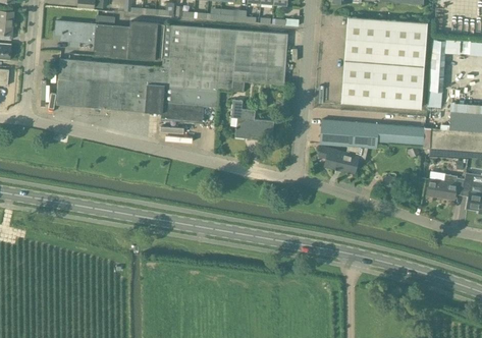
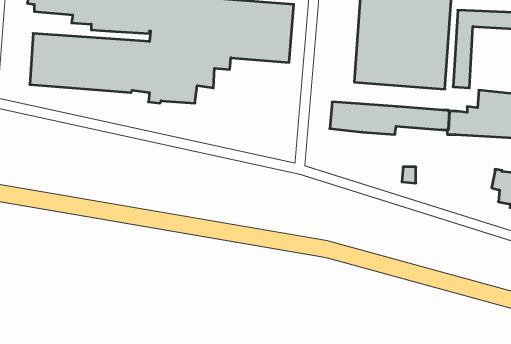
building: [231,101,274,139] -> none
building: [320,147,361,173] -> none
building: [427,175,465,199] -> none

